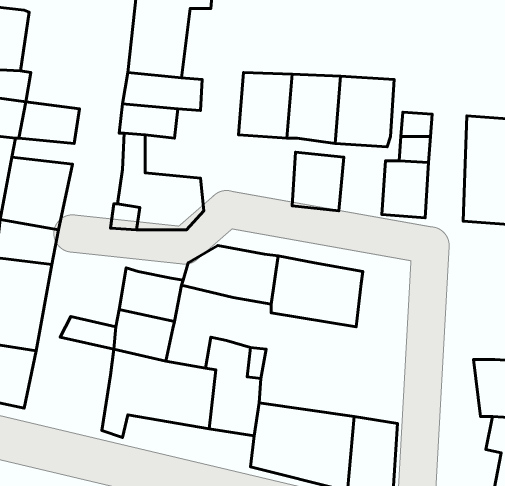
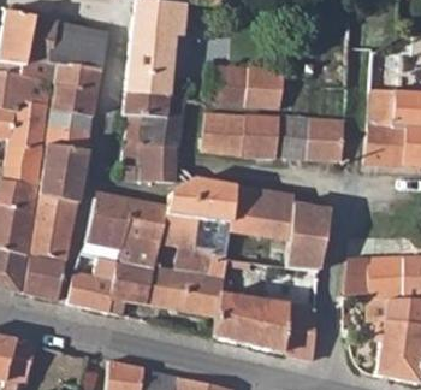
building: none -> [54,19,108,66]
building: none -> [141,87,182,135]
building: none -> [203,113,245,154]
building: none -> [275,120,308,160]
building: none -> [89,191,128,238]
building: none -> [283,208,328,271]
building: none -> [160,209,202,248]
building: none -> [339,261,374,302]
building: none -> [69,265,117,315]

